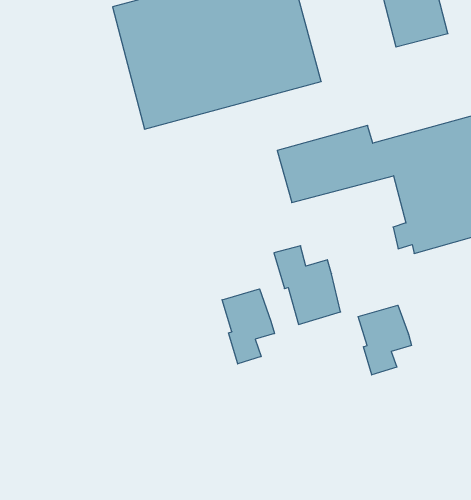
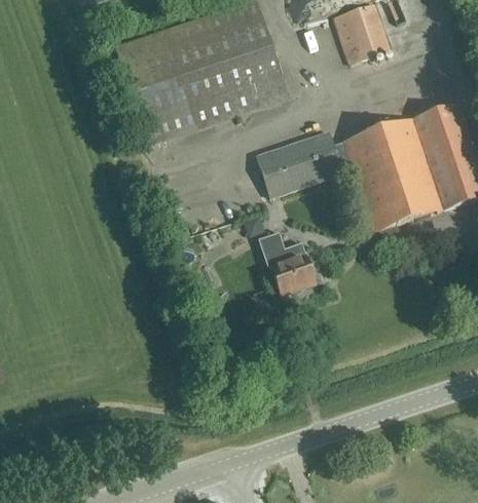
building: [222,289,274,364] -> none
building: [358,305,412,375] -> none

